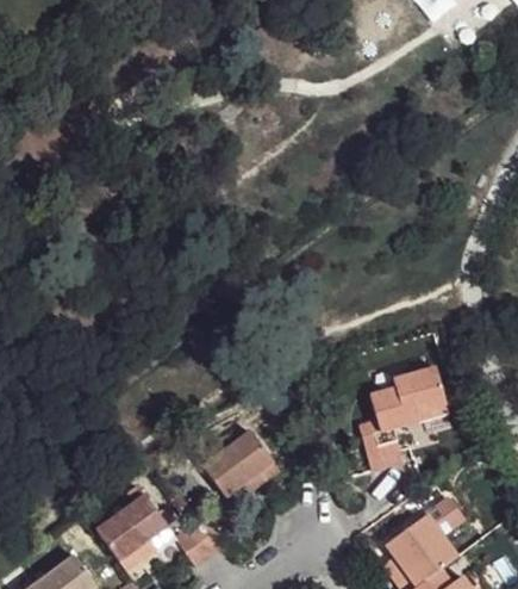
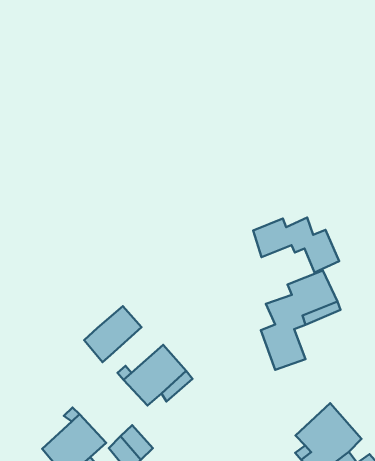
building: none -> [253,217,339,273]
building: none -> [84,306,142,362]

